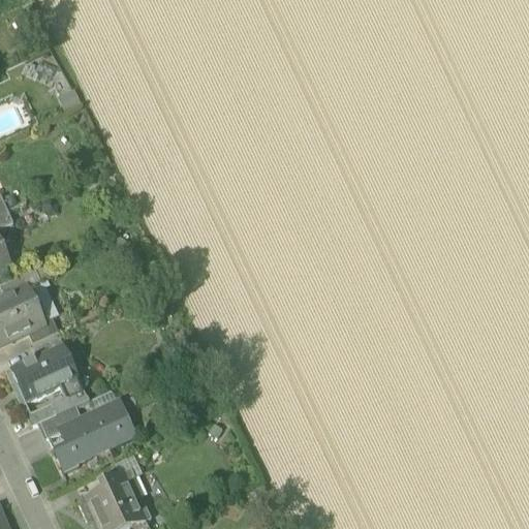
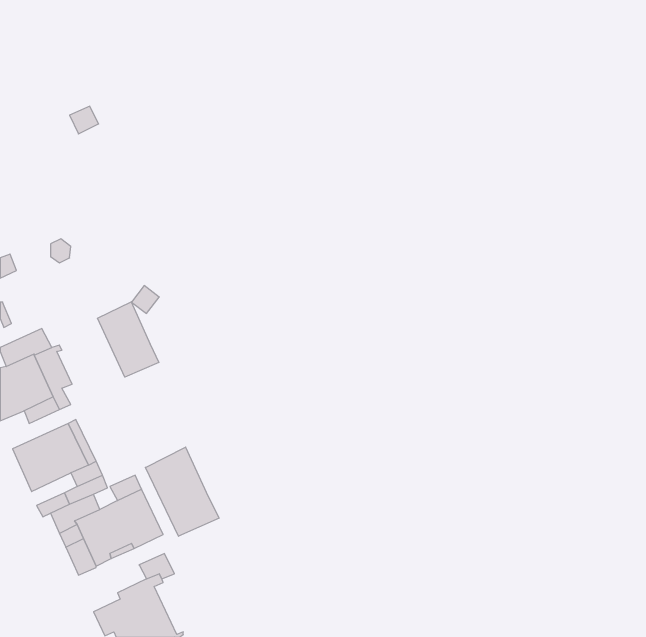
building: none -> [97,302,159,377]
building: none -> [145,447,219,536]

